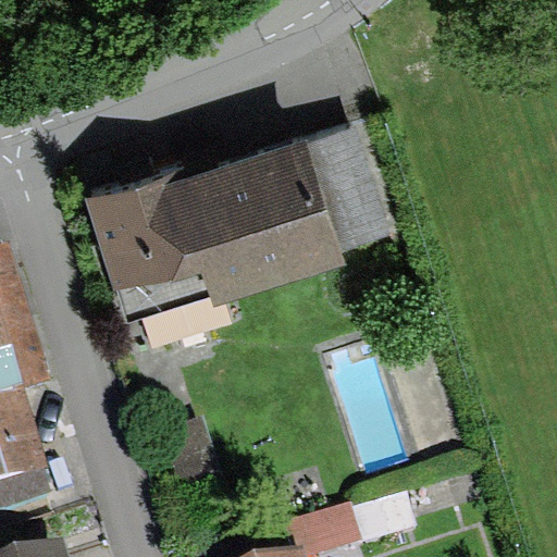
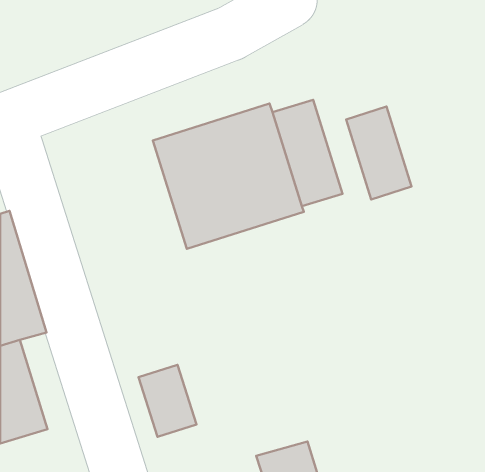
building: none -> [346,107,411,199]
building: [87,170,214,327] -> none

